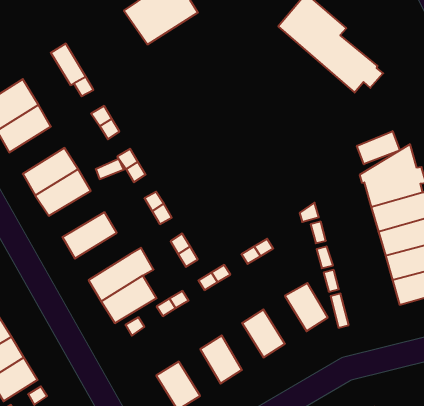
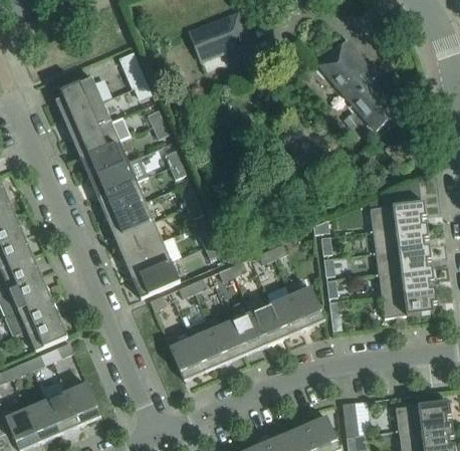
building: none -> [70,116,130,158]
building: [357,131,400,164] -> none
building: none -> [96,181,145,217]
building: none -> [113,220,162,257]
building: none -> [269,295,303,336]
building: none -> [225,300,263,354]
building: none -> [190,330,223,371]

